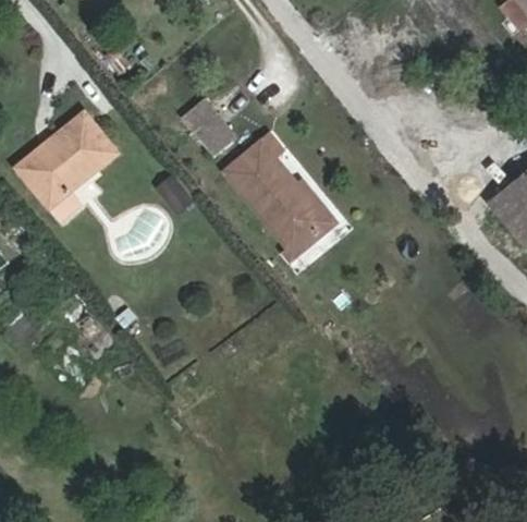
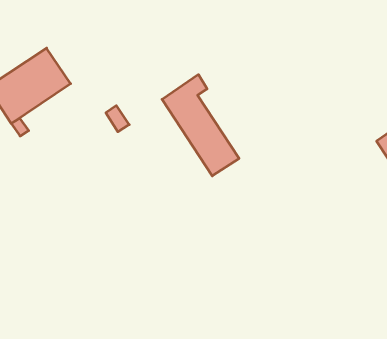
building: [188,102,237,154] -> none

